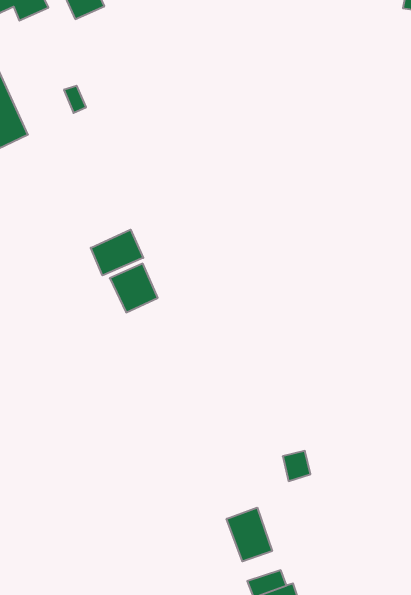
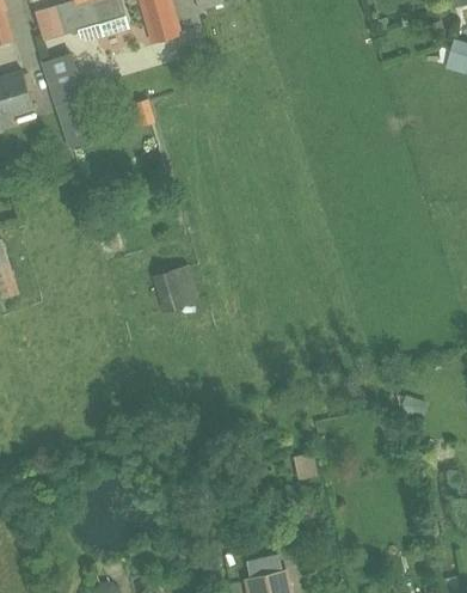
building: [91,230,143,275] -> none
building: [227,508,272,561] -> none

